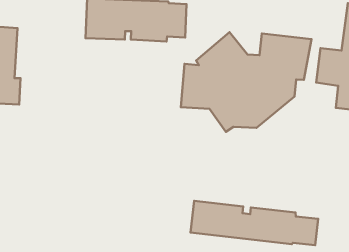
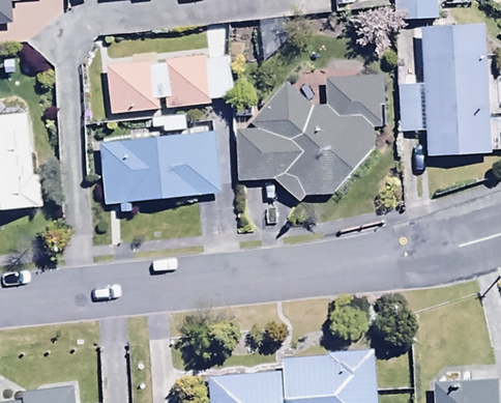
building: none -> [99,132,217,212]
building: [191,201,318,245] -> none

